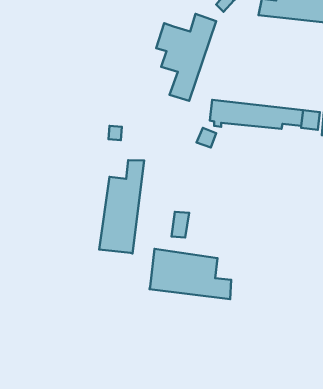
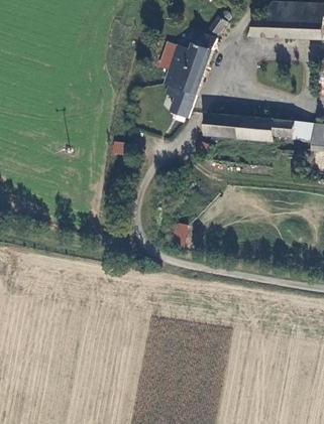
building: [99,160,144,253] -> none
building: [150,249,231,299] -> none

